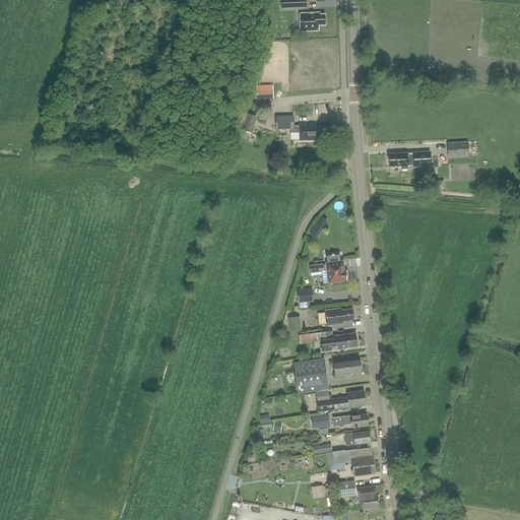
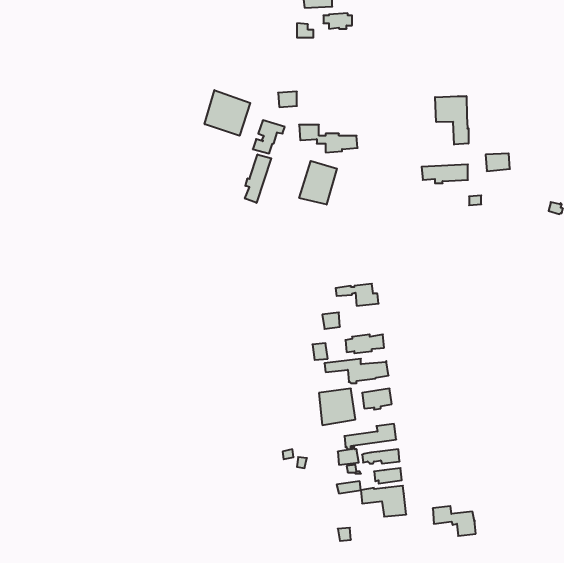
building: none -> [205,90,250,136]
building: none -> [435,96,469,145]
building: none -> [245,154,271,203]
building: none -> [299,161,337,205]
building: [338,480,378,508] -> [433,506,476,536]

